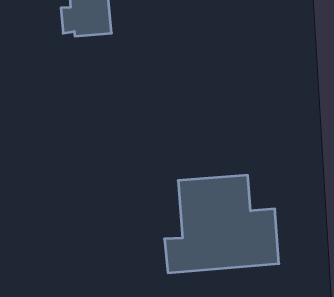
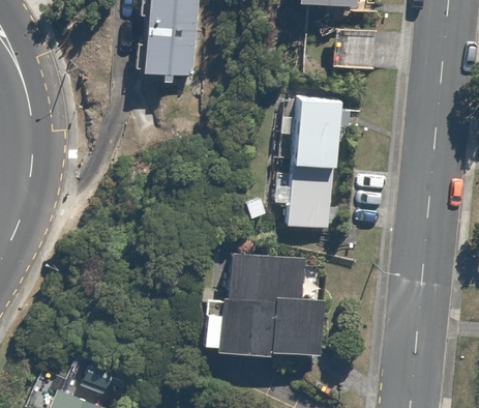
building: none -> [286,101,346,233]

